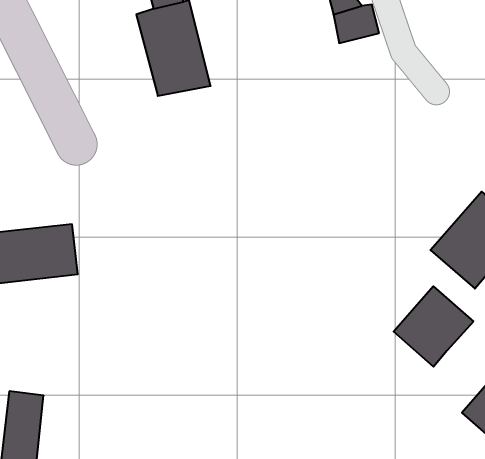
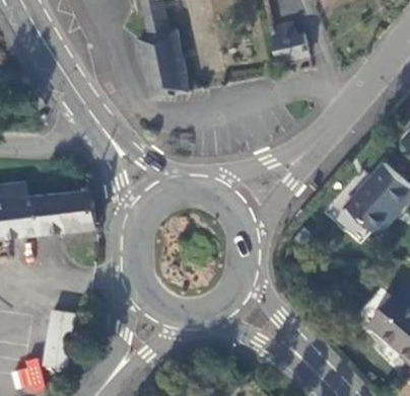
building: [394,286,473,367] -> none

